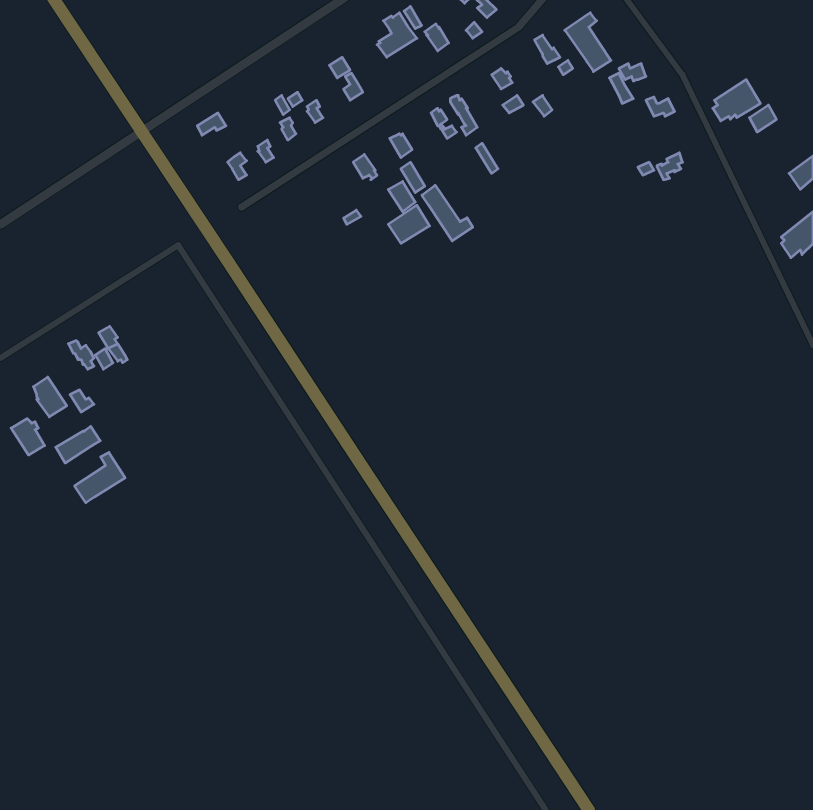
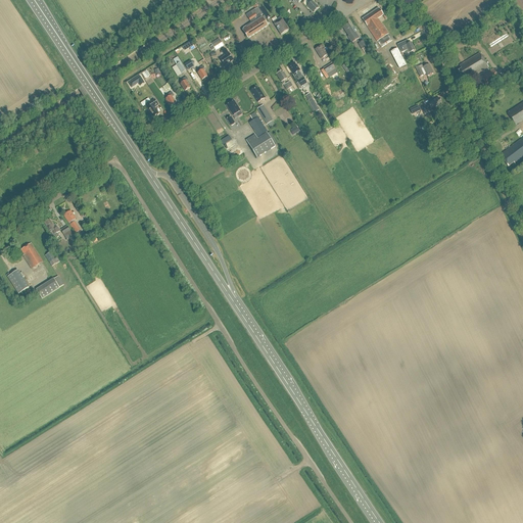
building: [422,185,473,241] -> none
building: [75,452,125,503] -> none

